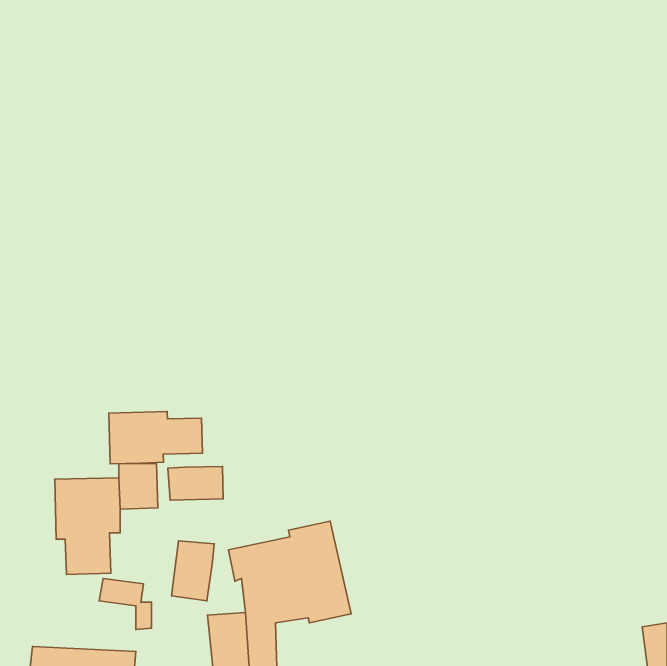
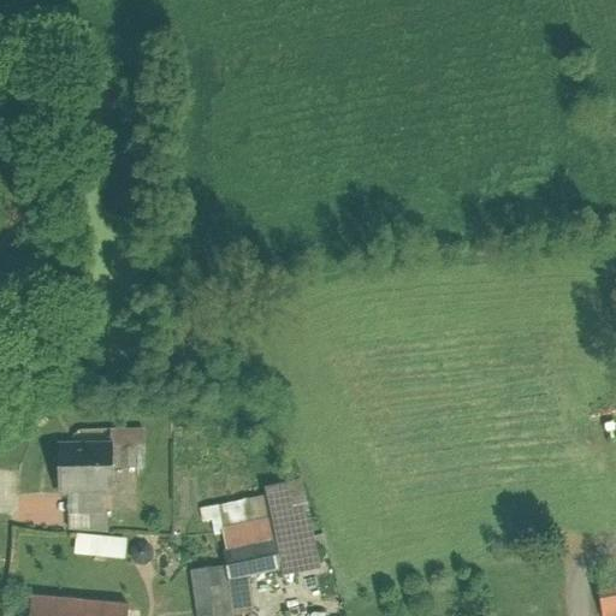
building: [109,412,202,464] -> none
building: [168,466,223,500] -> none
building: [171,541,214,601] -> none

